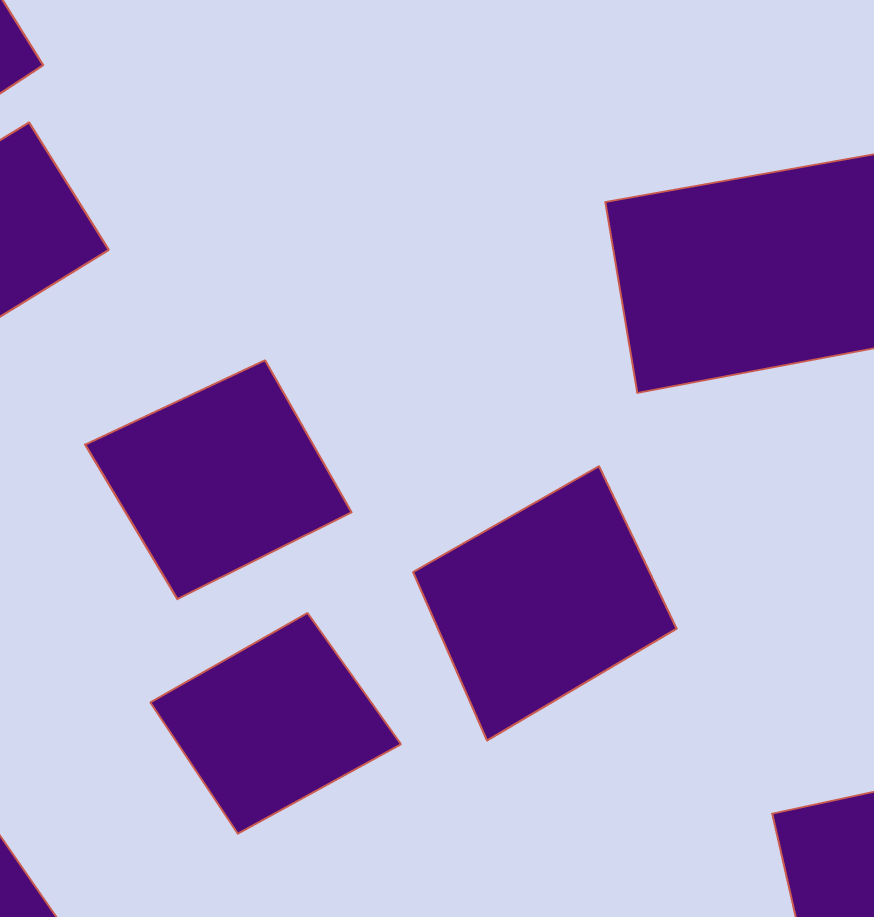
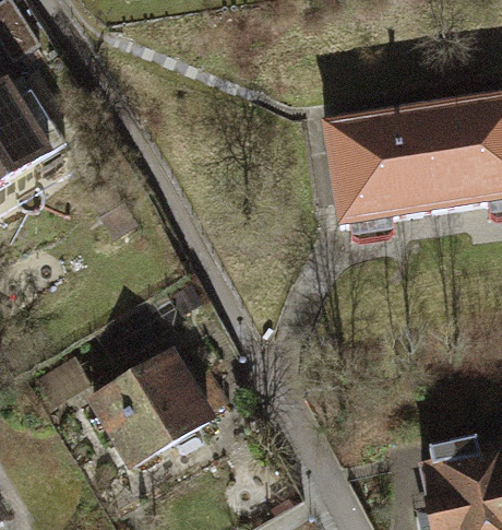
building: [85,360,352,599] -> none
building: [413,466,677,741] -> none

